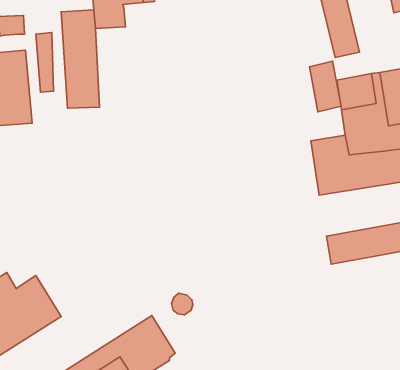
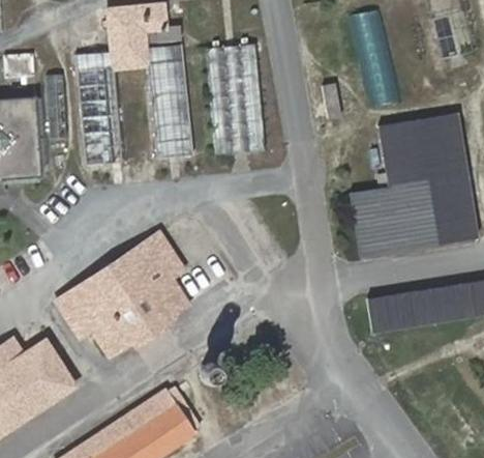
building: none -> [144,44,188,153]
building: none -> [208,48,264,155]
building: [309,61,341,112] -> none
building: none -> [54,233,187,357]

